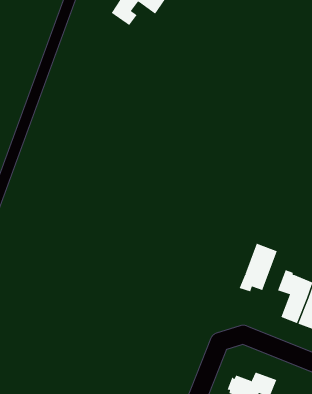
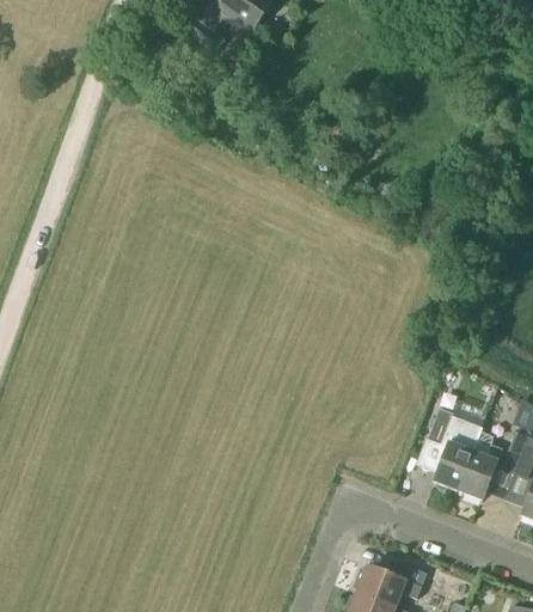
building: [239,243,278,292] -> none

